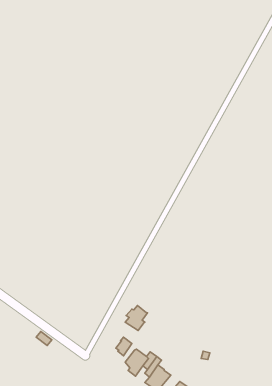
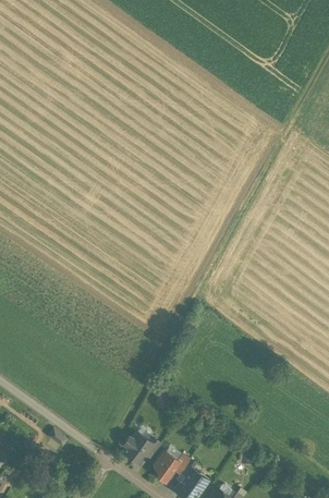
building: [125,305,148,330] -> [123,433,149,462]

